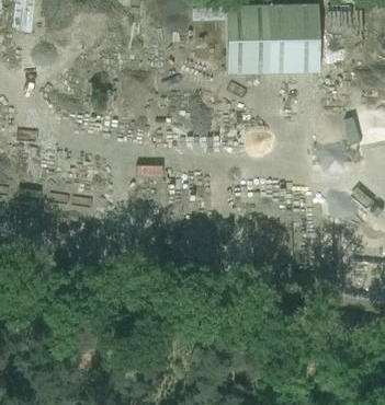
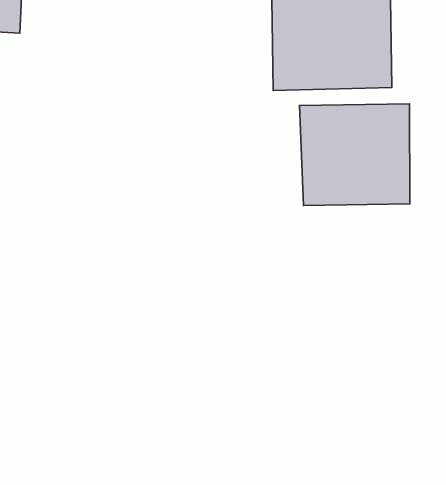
building: none -> [300,104,410,205]

